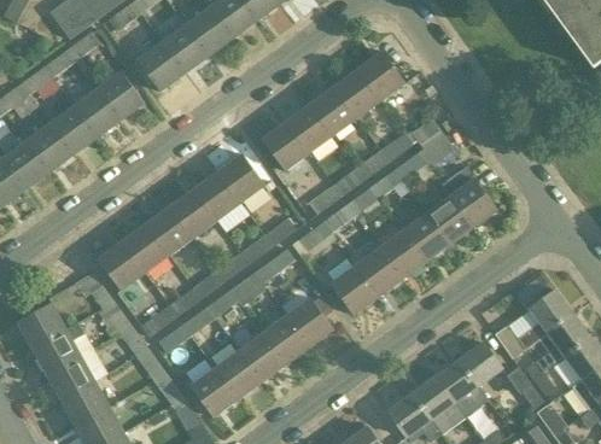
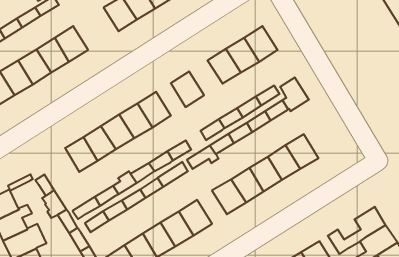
building: [136,42,183,92] -> none
building: [285,105,332,153] -> none
building: [440,166,496,228] -> none
building: [97,240,151,290] -> none

